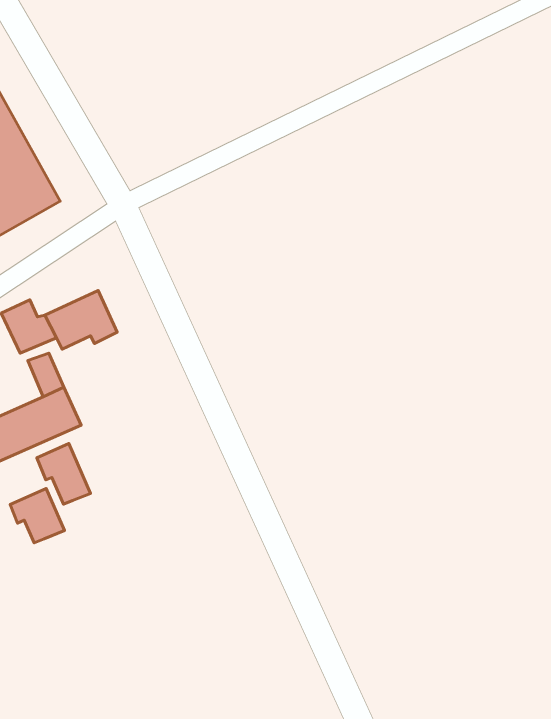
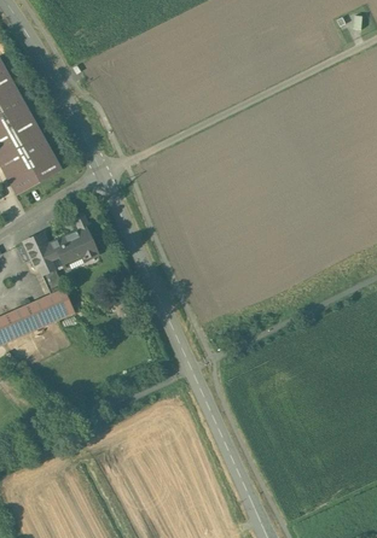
building: [37,443,91,504] -> none
building: [10,488,65,543] -> none

